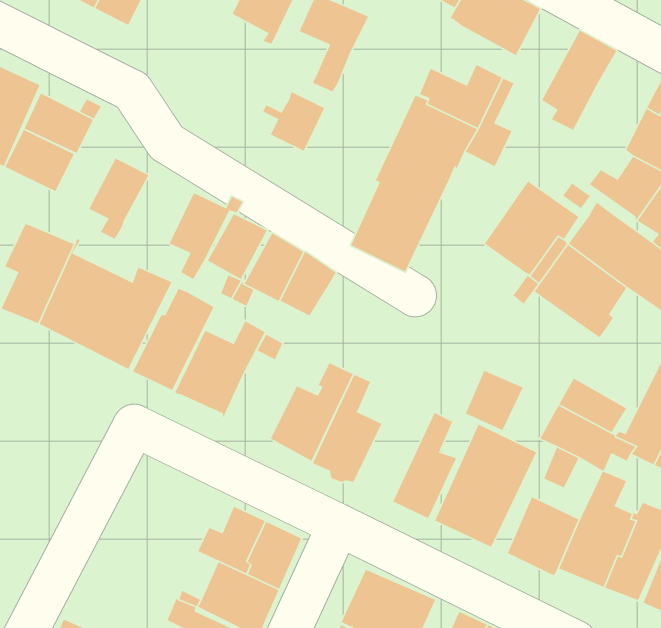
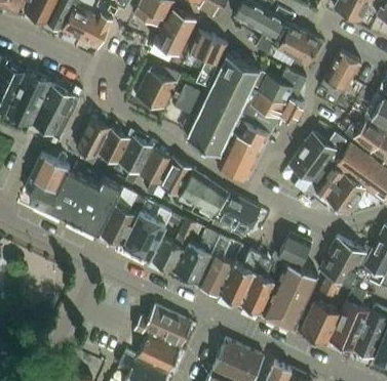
building: none -> [185,55,258,156]
building: none -> [134,65,179,110]
building: none -> [98,130,129,165]
building: none -> [195,181,226,222]
building: none -> [218,195,260,234]
building: none -> [149,220,195,270]
building: none -> [219,250,262,304]

